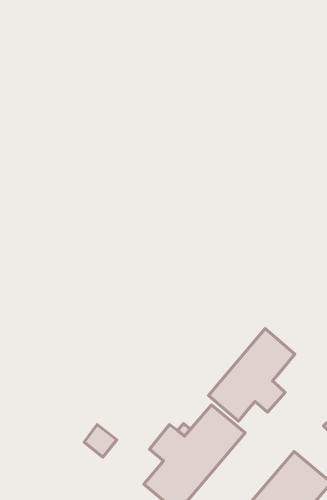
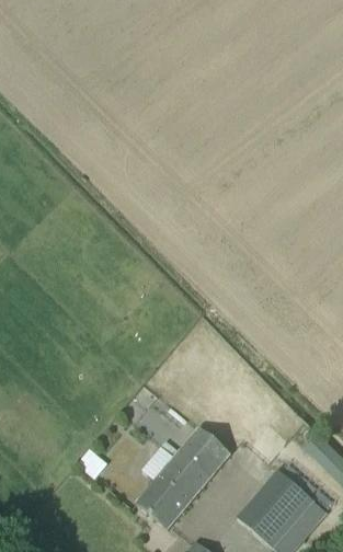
building: [209,328,295,421] -> none

